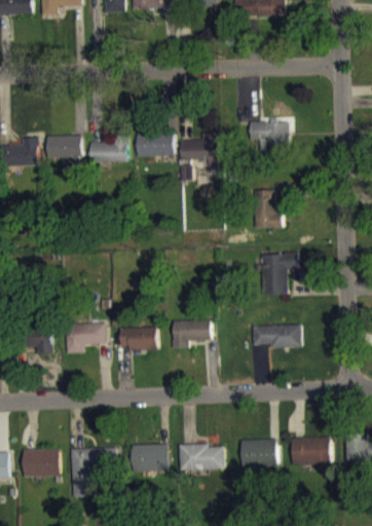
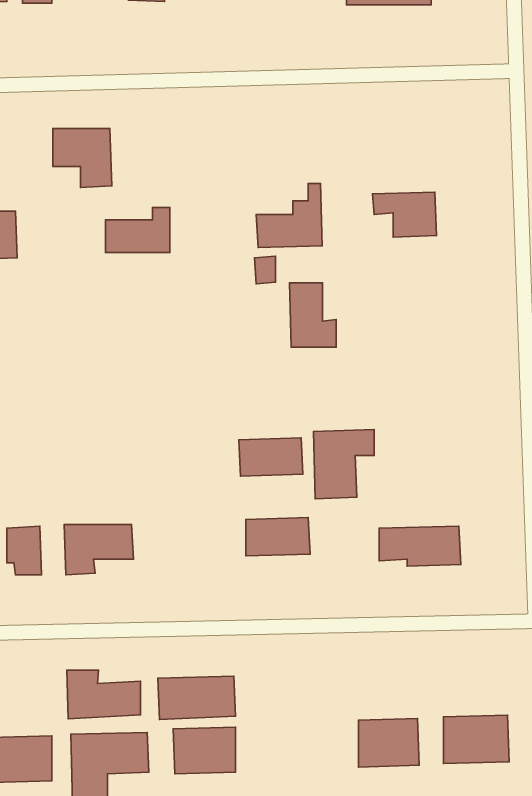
building: [137,134,174,156] -> none
building: [46,136,81,171] -> [53,129,112,187]
building: [254,190,282,228] -> [289,283,336,347]
building: [261,254,297,295] -> [313,430,374,499]
building: [119,327,157,349] -> [239,438,303,476]
building: none -> [67,670,141,719]
building: [178,445,224,471] -> [158,676,236,720]

